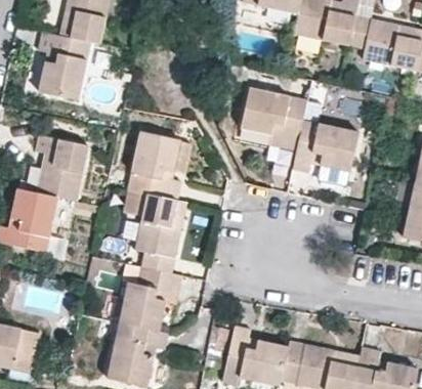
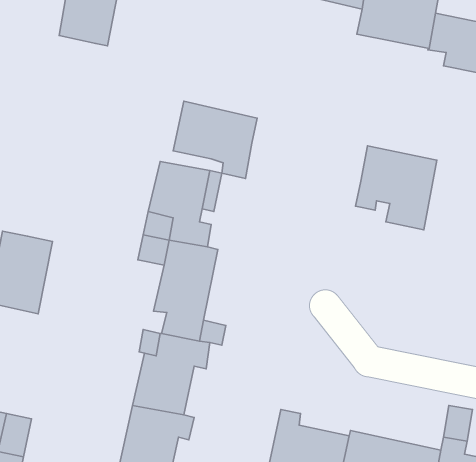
building: [39,32,90,99] -> none
building: [241,88,306,148] -> [173,101,257,179]
building: [37,135,86,201] -> none

